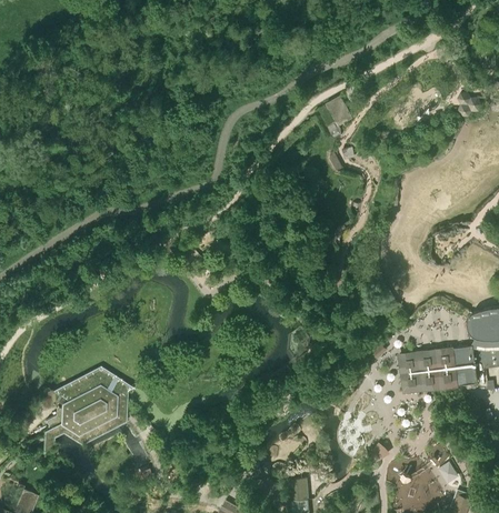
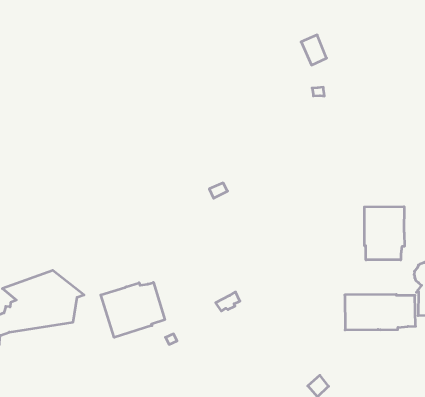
building: none -> [364,207,404,260]
building: none -> [101,282,165,337]

